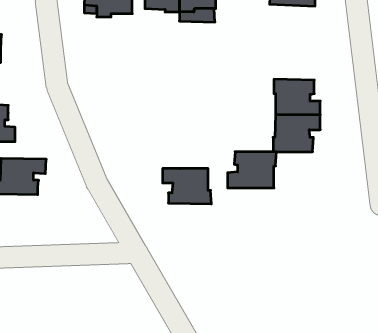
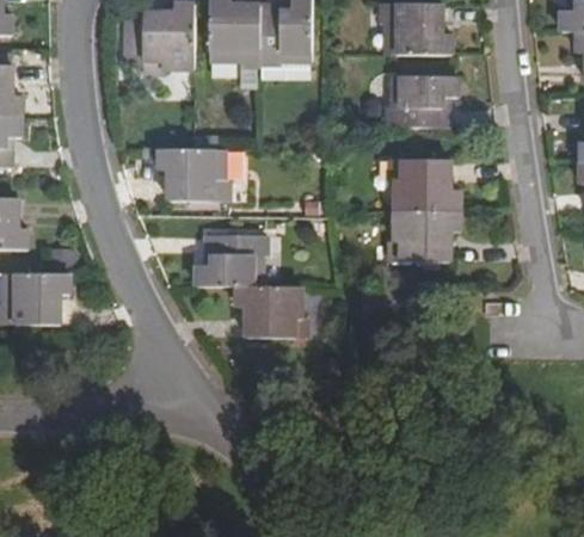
building: none -> [383,75,456,126]
building: none -> [161,148,230,199]
building: [228,152,276,188] -> [196,235,265,286]

